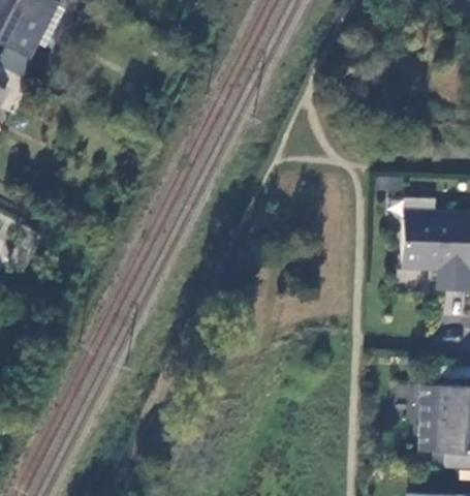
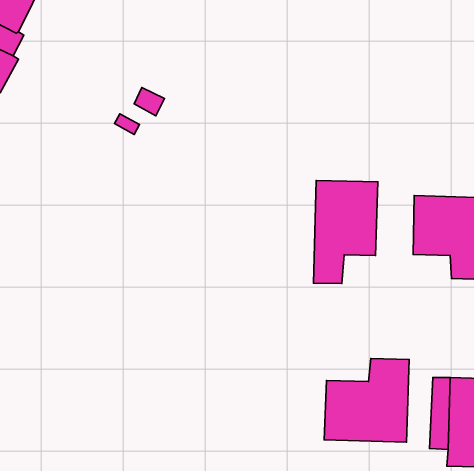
building: none -> [313,180,378,284]
building: none -> [324,358,409,442]

